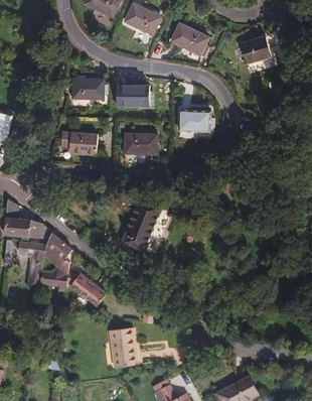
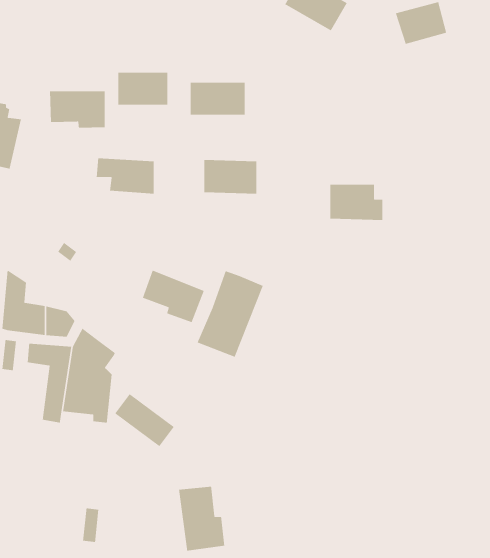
building: none -> [49,90,106,129]
building: [181,107,213,129] -> [329,184,383,221]
building: none -> [142,270,205,323]

